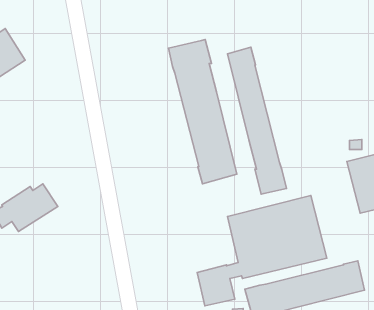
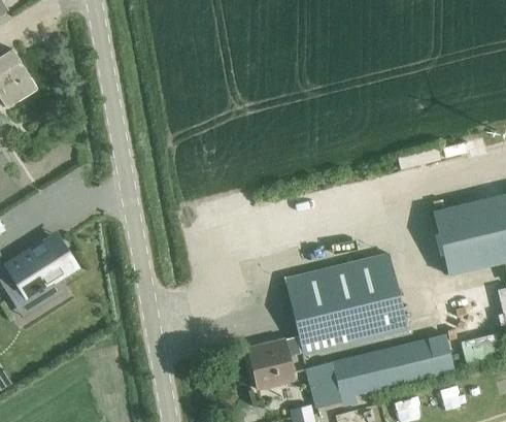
building: [168,39,237,184] -> none
building: [228,47,286,194] -> none

